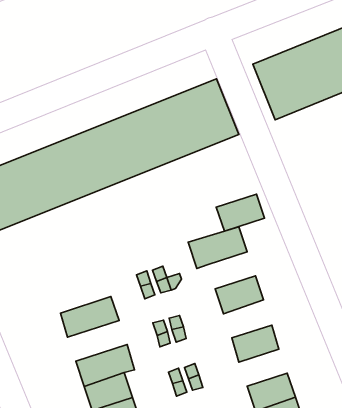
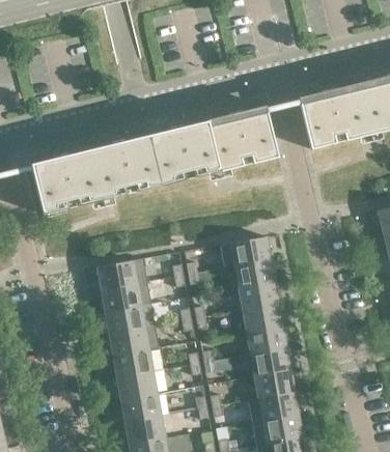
building: [216,194,265,231] -> [233,259,274,287]
building: none -> [96,258,146,289]
building: none -> [242,303,282,332]
building: none -> [104,303,155,333]
building: none -> [249,347,289,375]

